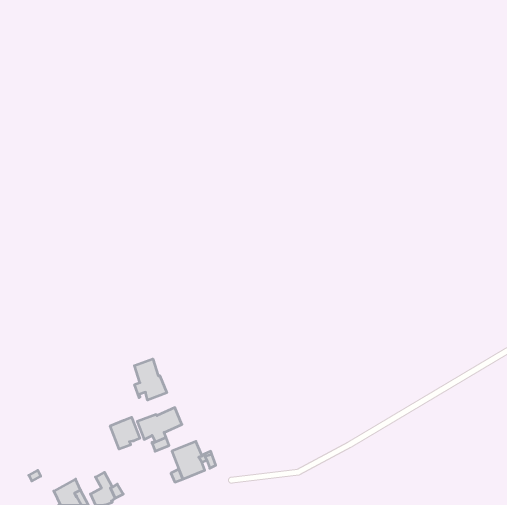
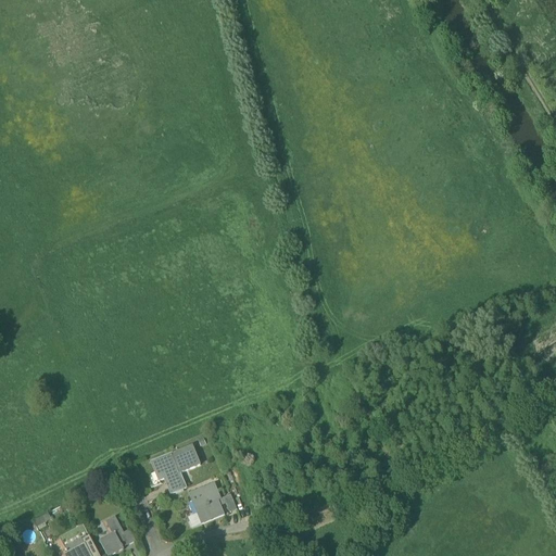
building: [134,359,167,400] -> none
building: [110,417,140,449] -> none

